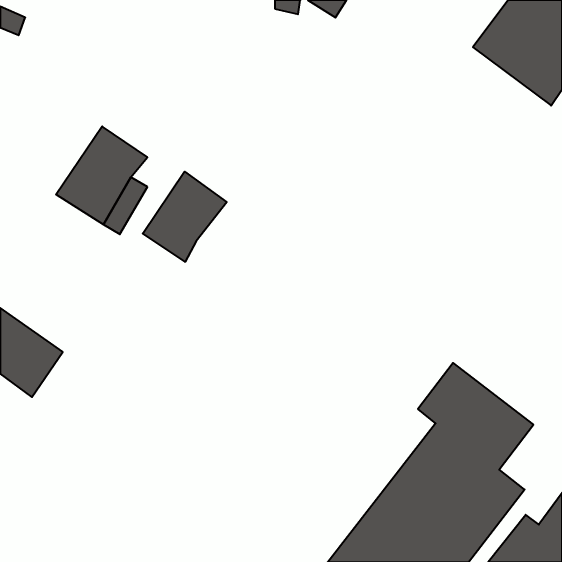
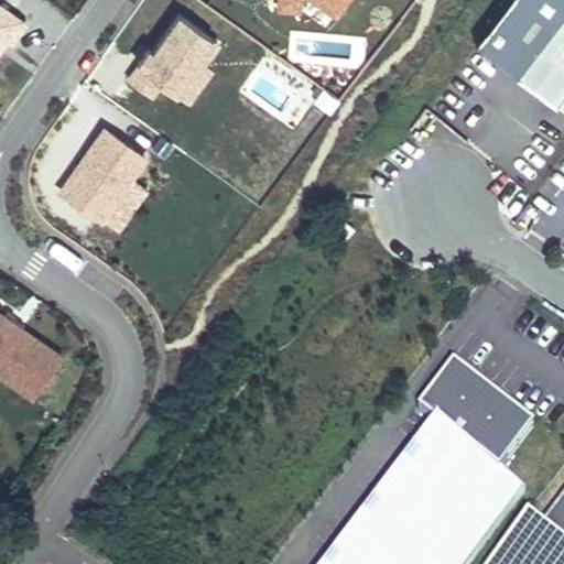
building: none -> [139,17,213,96]
building: [143,172,227,262] -> none

